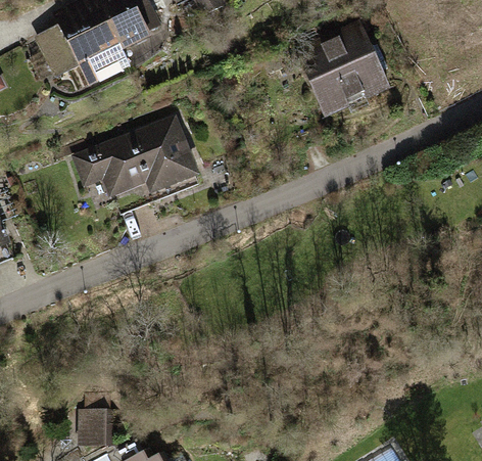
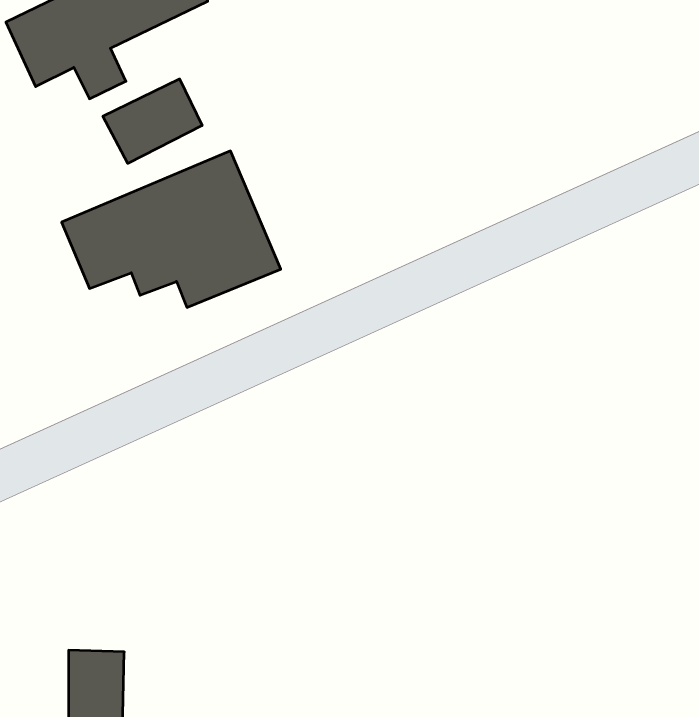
building: [302,33,391,116] -> none
building: none -> [103,79,202,163]

